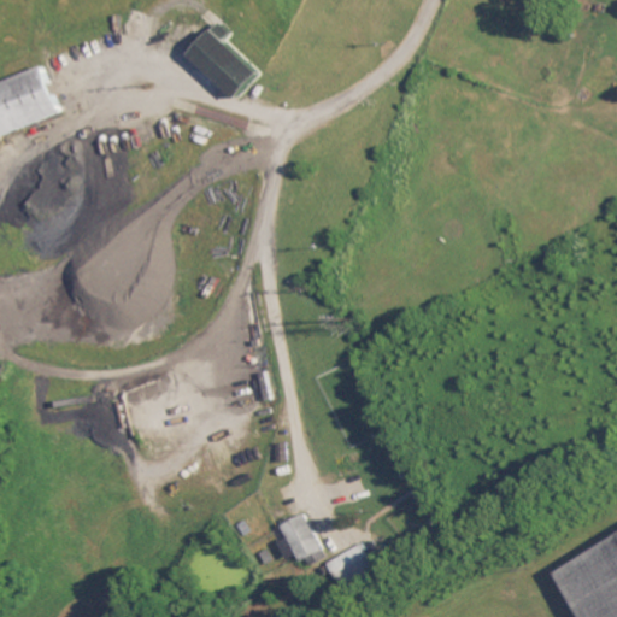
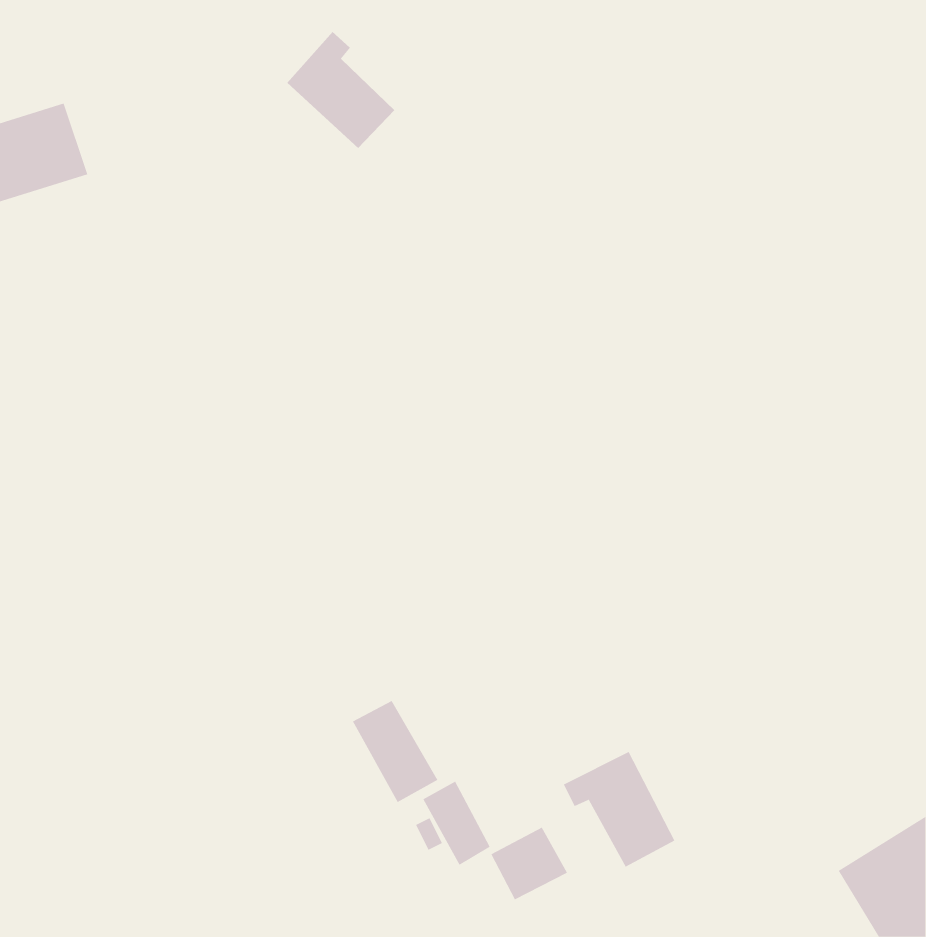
building: none -> [352,700,438,803]
building: none -> [563,751,675,868]

